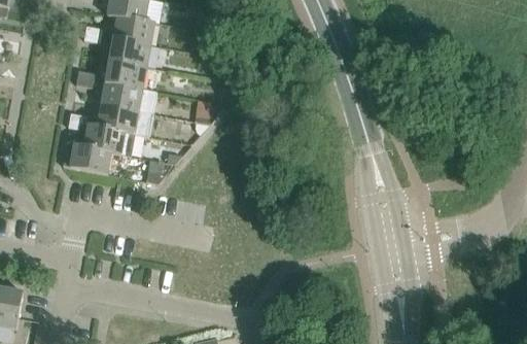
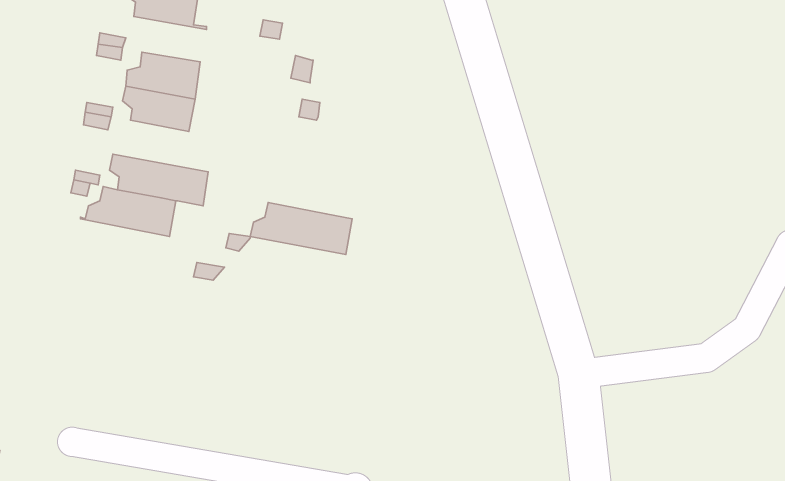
building: [108,15,154,44] -> none
building: [95,81,160,114] -> [250,203,352,254]
building: [63,144,131,174] -> none

